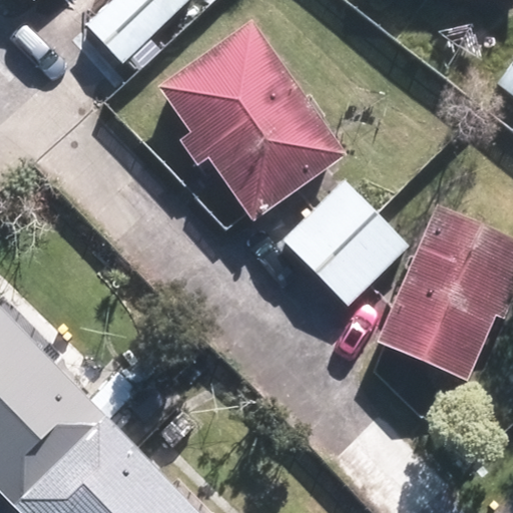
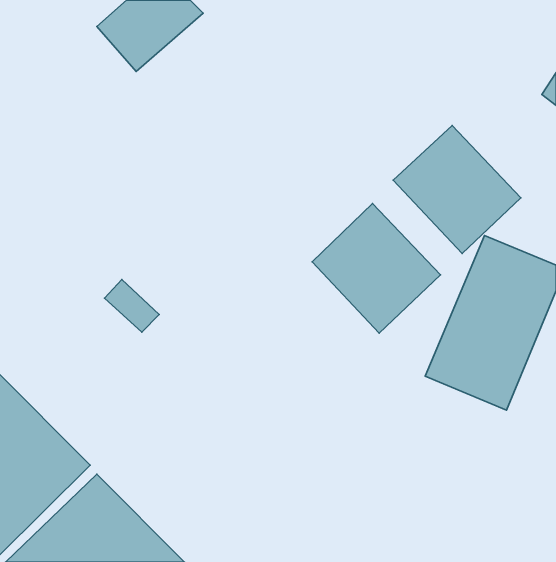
building: [172,28,347,212] -> none
building: none -> [393,126,521,254]

